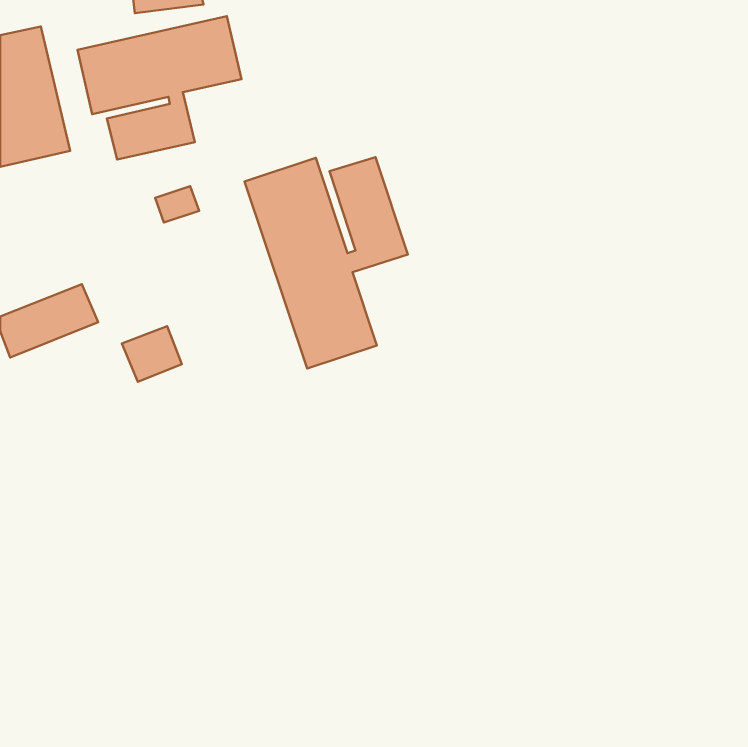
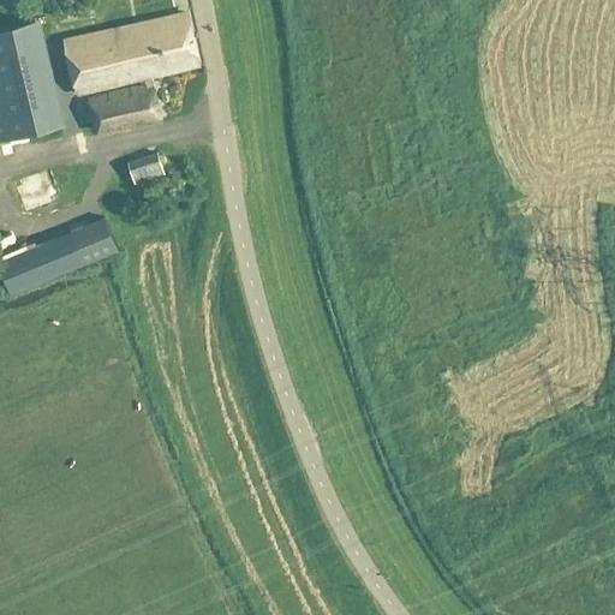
building: [245,157,408,368] -> none
building: [122,326,182,382] -> [67,219,117,264]

